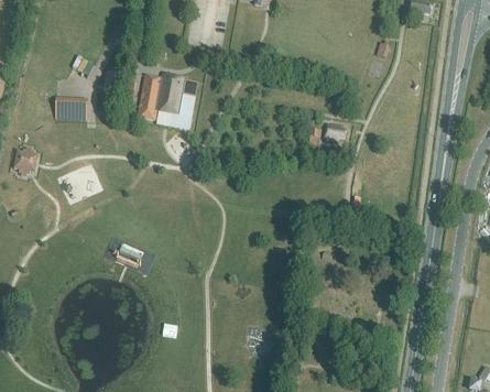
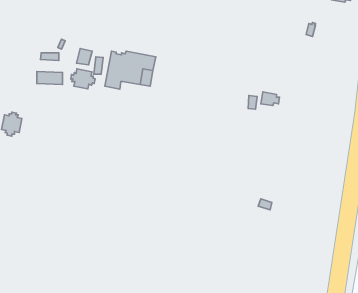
building: none -> [71,69,95,89]

